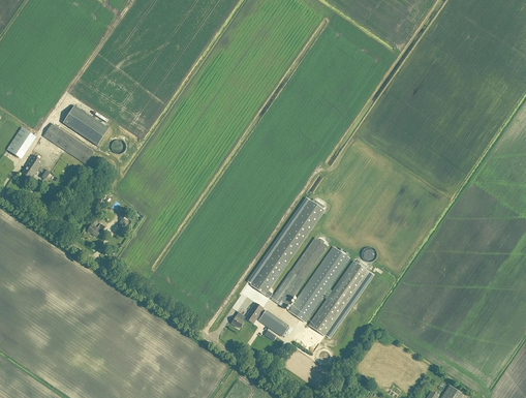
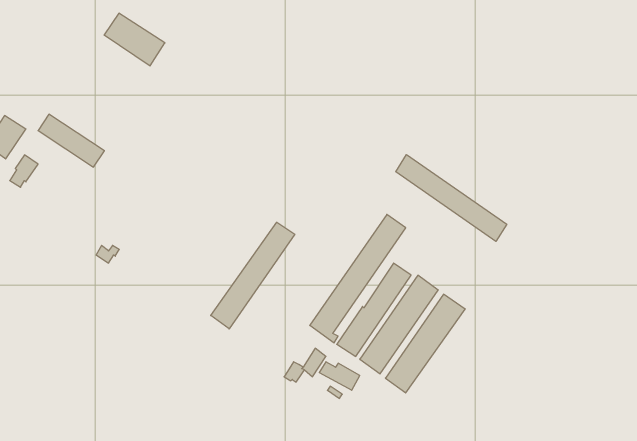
building: [62,105,109,146] -> [104,13,165,66]
building: none -> [396,155,507,241]
building: none -> [211,222,295,329]

